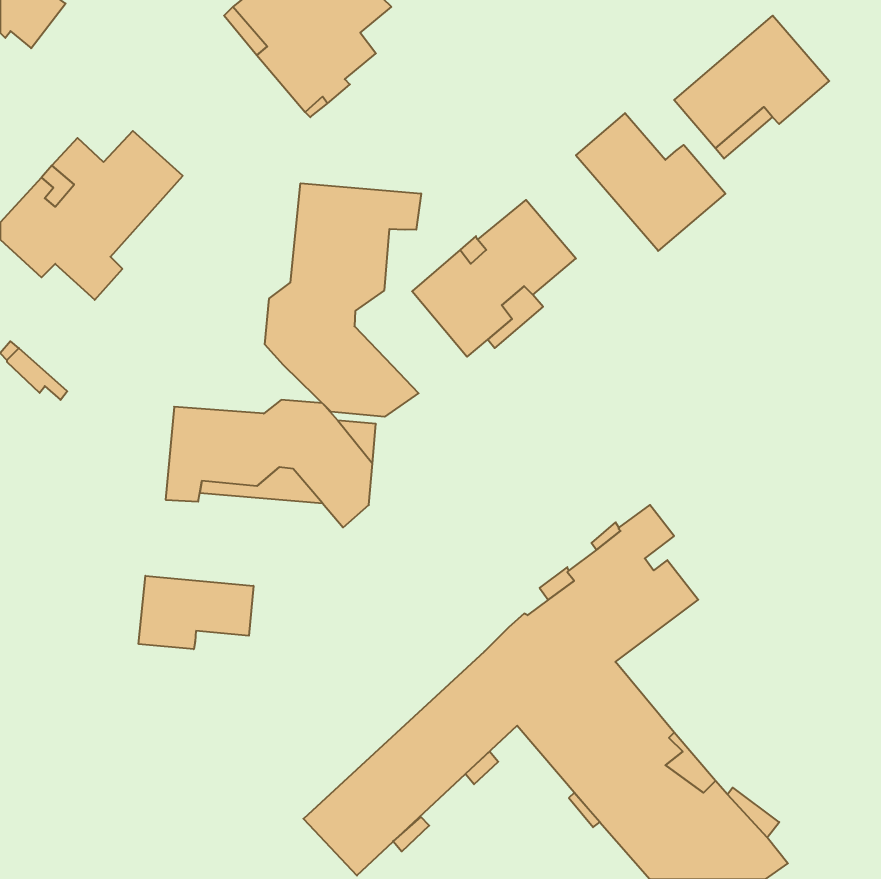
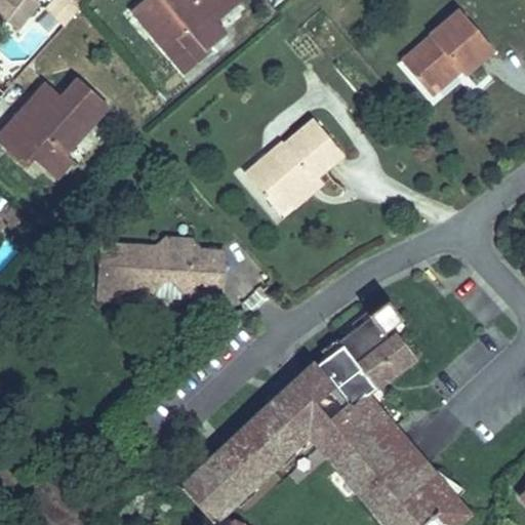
building: [576,113,725,251] -> none
building: [265,183,421,417] -> none
building: [139,576,253,649] -> none

